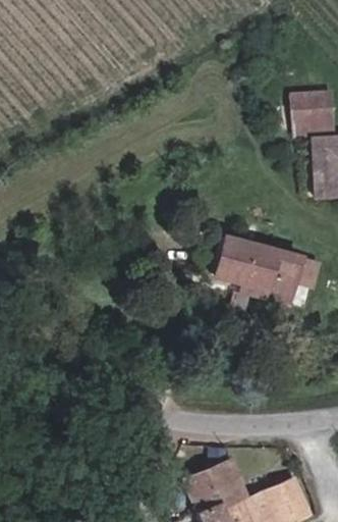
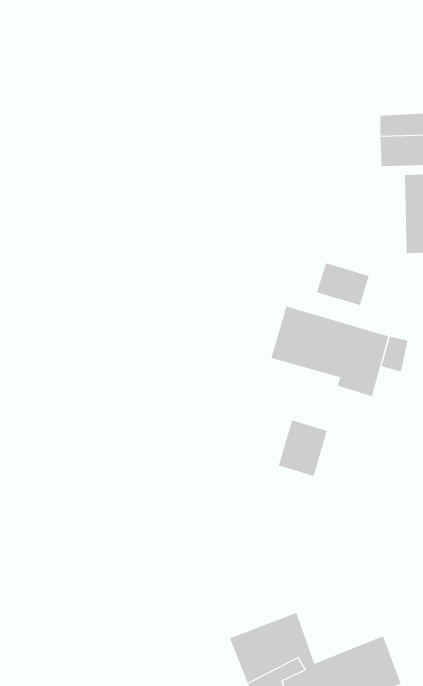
building: none -> [316,263,370,306]
building: none -> [278,420,327,477]

